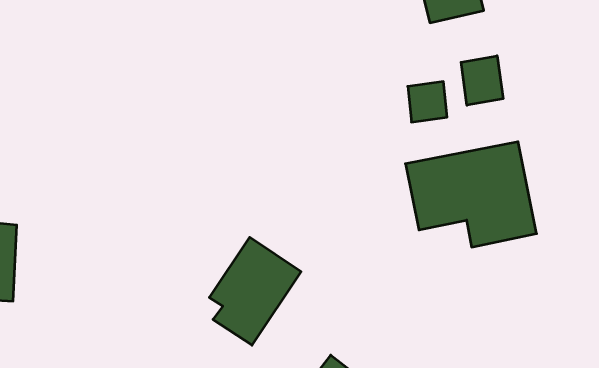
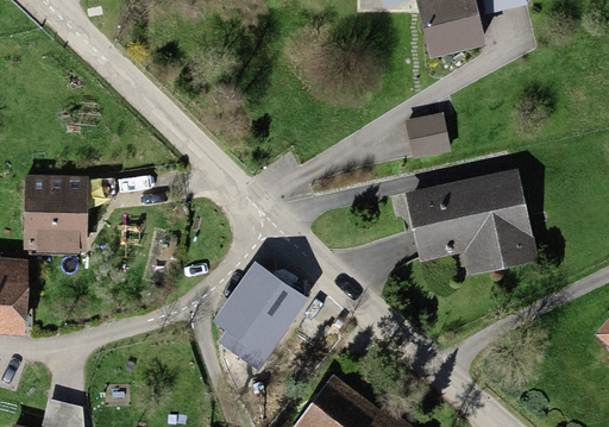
building: [461,56,503,105] -> none
building: none -> [27,168,92,245]

